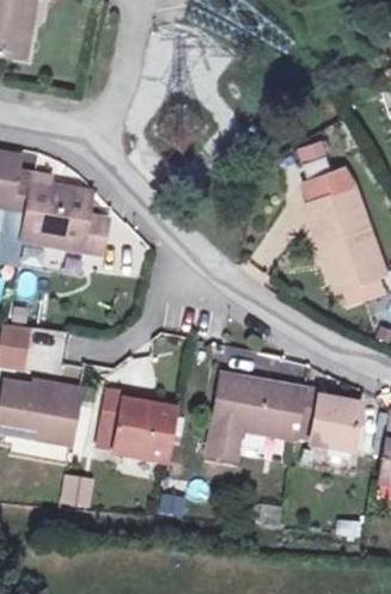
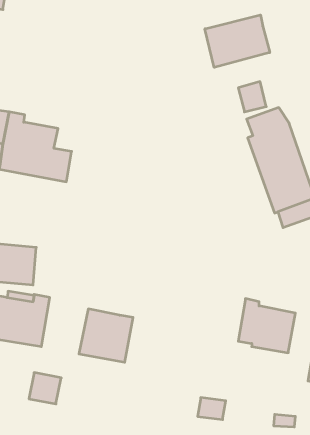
building: none -> [205,15,270,67]
building: [207,374,305,460] -> none
building: [96,387,161,452] -> none

